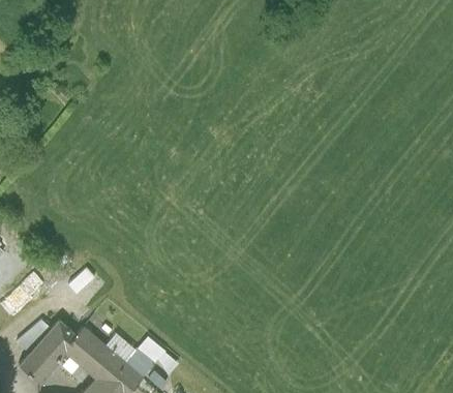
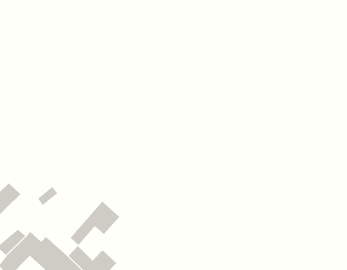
building: none -> [70,201,120,246]

